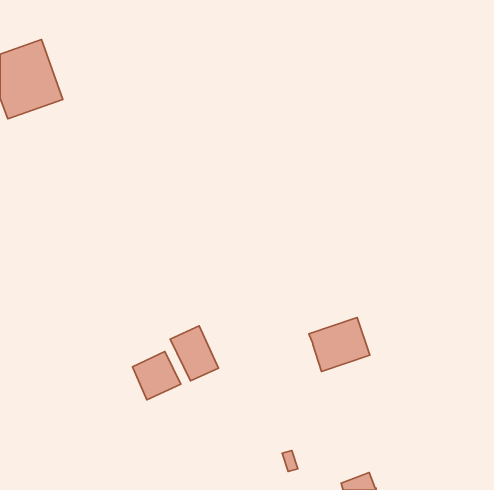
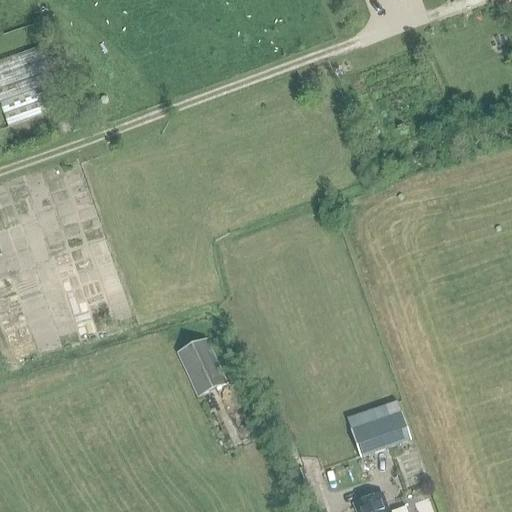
building: [309,317,370,372] -> [346,400,409,456]
building: [133,351,181,400] -> none

